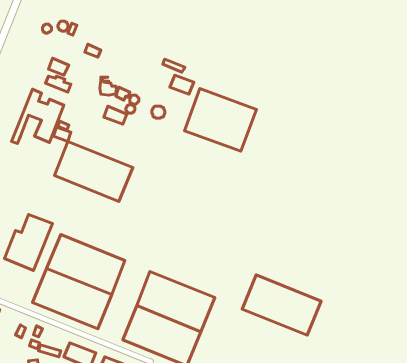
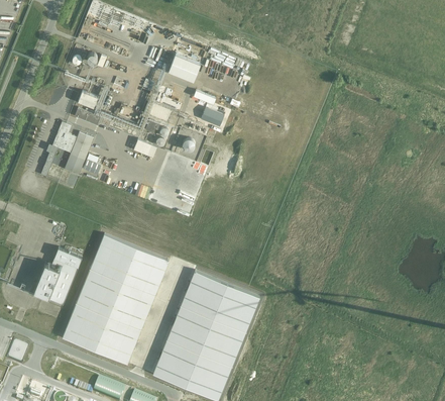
building: none -> [166,54,198,81]
building: [185,89,257,151] -> none
building: [55,141,133,201] -> [89,233,168,294]
building: [242,275,321,335] -> [179,271,258,331]

